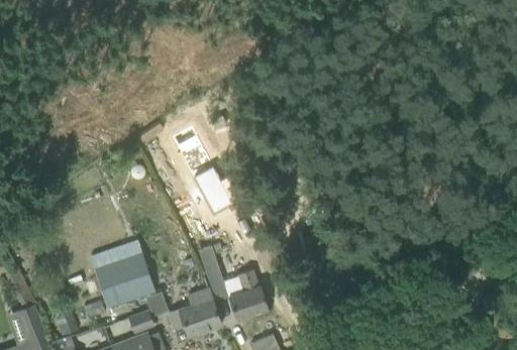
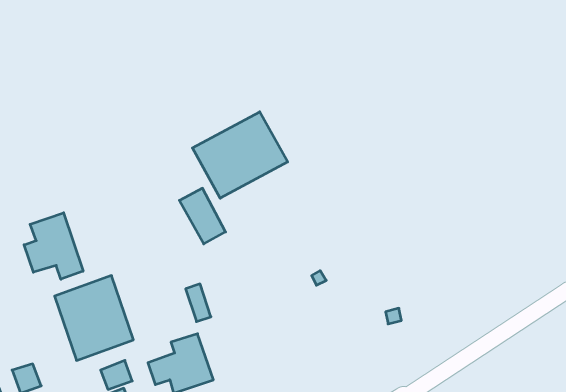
building: none -> [192,112,288,198]
building: none -> [24,213,83,279]
building: [229,269,270,320] -> none

